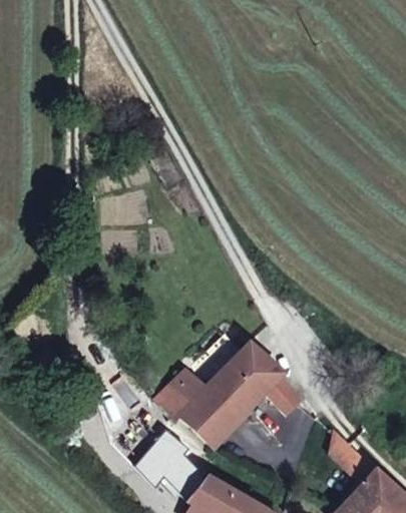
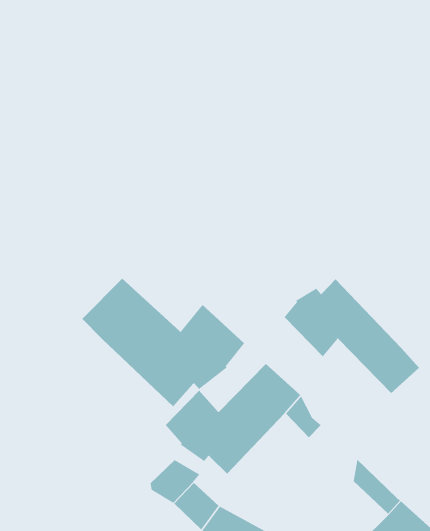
building: none -> [81,278,245,407]
building: none -> [284,279,420,394]

